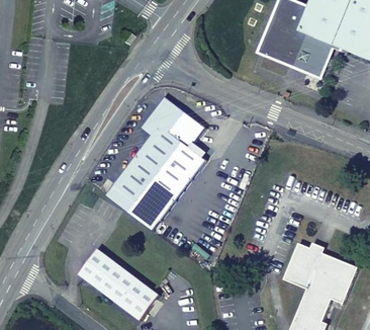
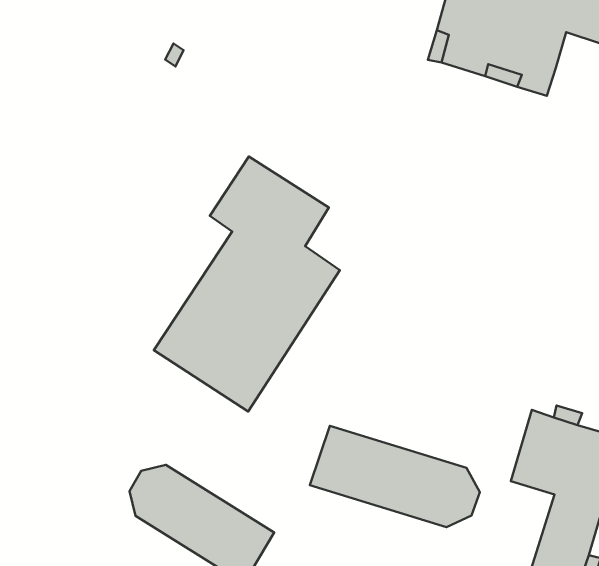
building: none -> [310,426,480,527]

